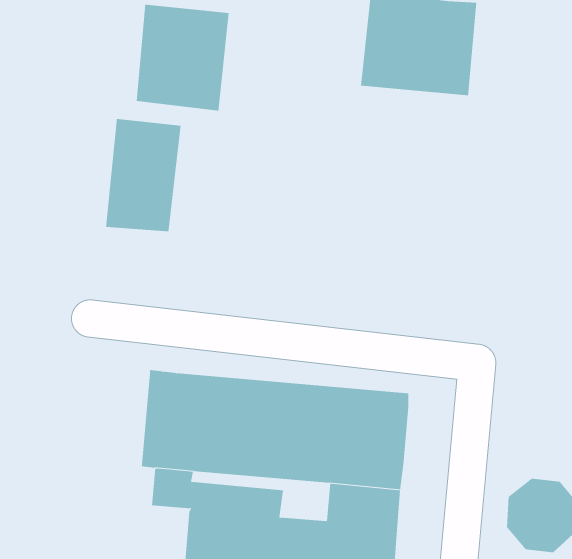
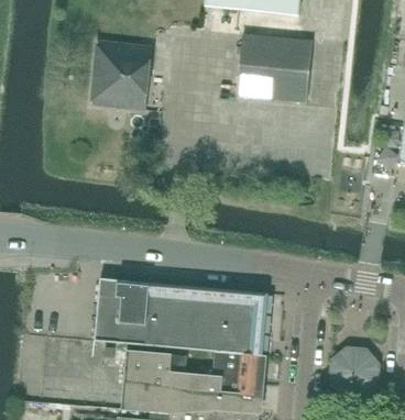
building: [105,118,181,232] -> none

